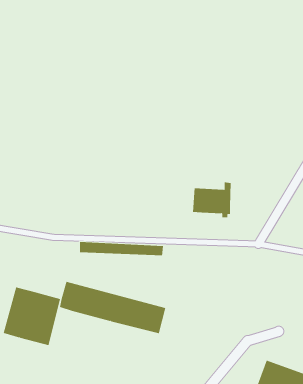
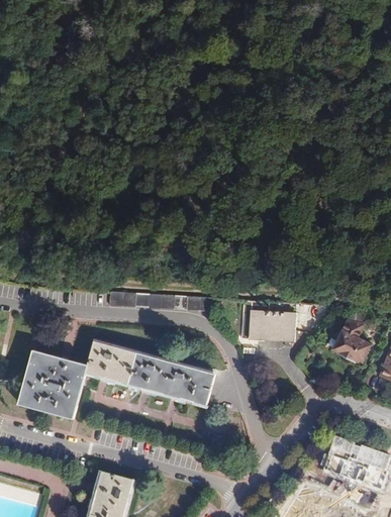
building: [192,182,232,218] -> [247,303,294,346]
building: none -> [331,322,370,365]

